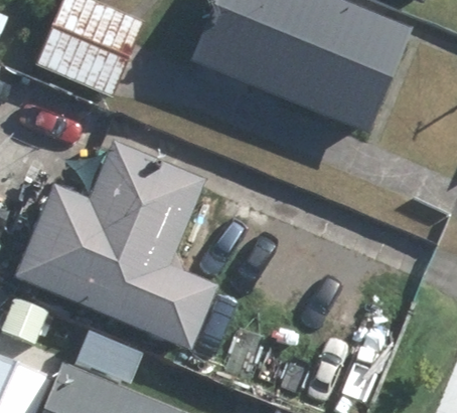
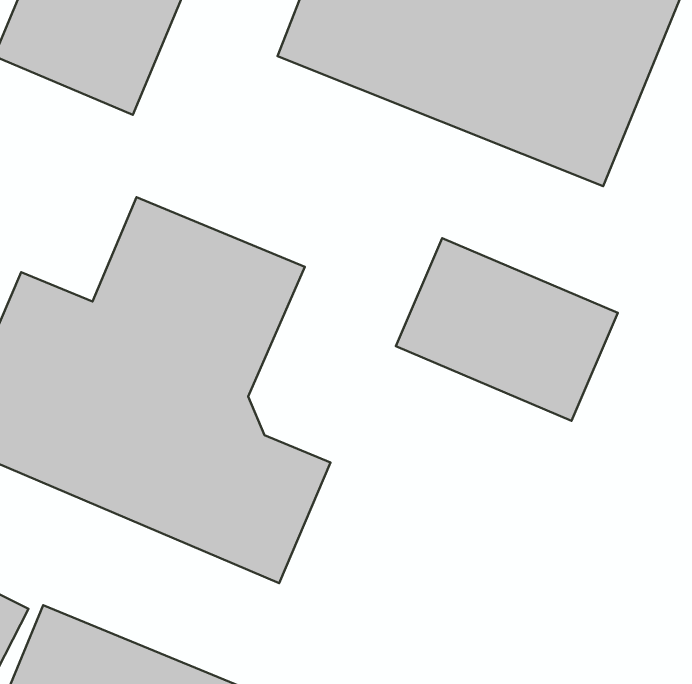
building: none -> [396,238,618,421]

